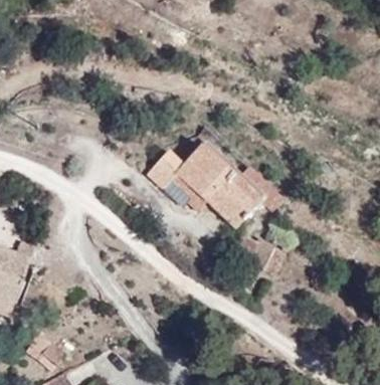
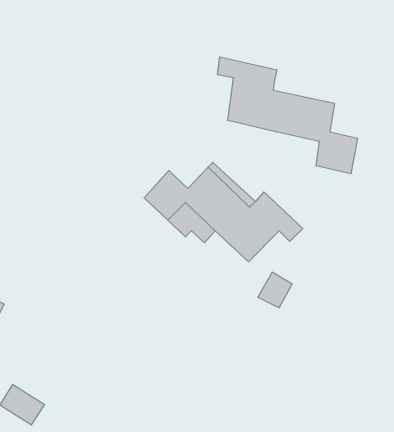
building: none -> [217,57,357,174]

